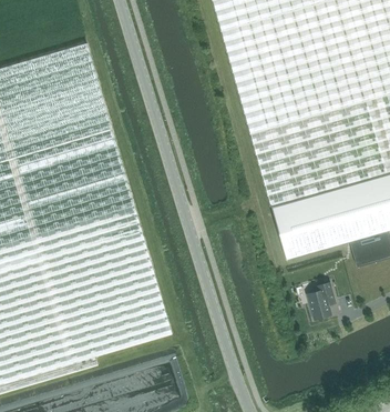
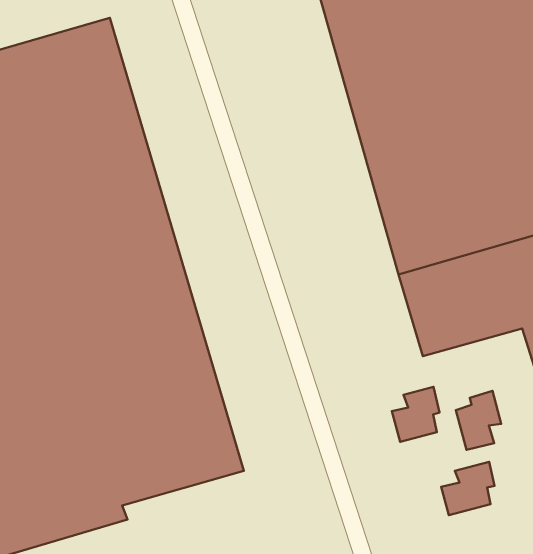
building: none -> [392,387,439,442]
building: none -> [441,462,494,515]

